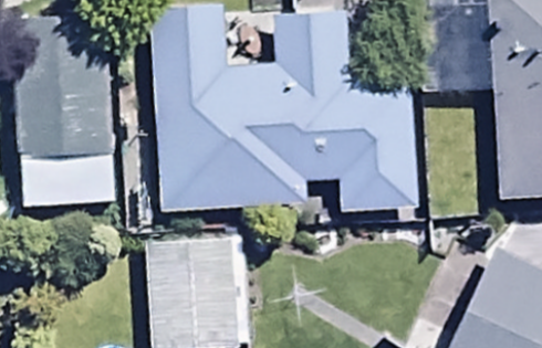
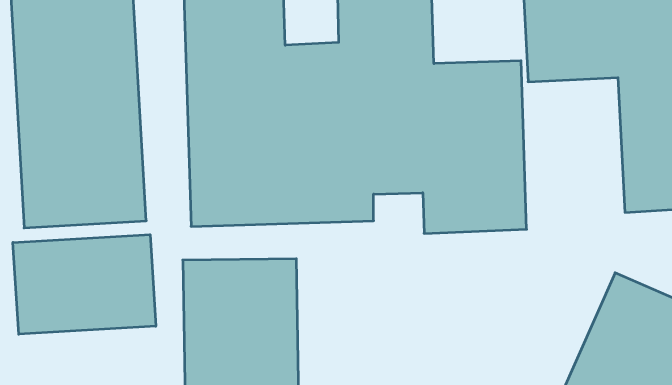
building: none -> [13,235,156,334]

